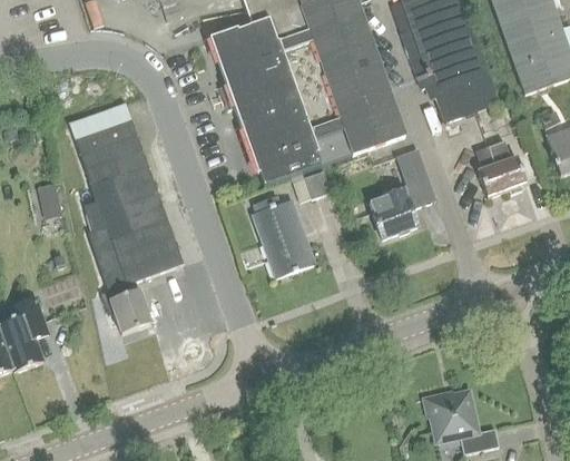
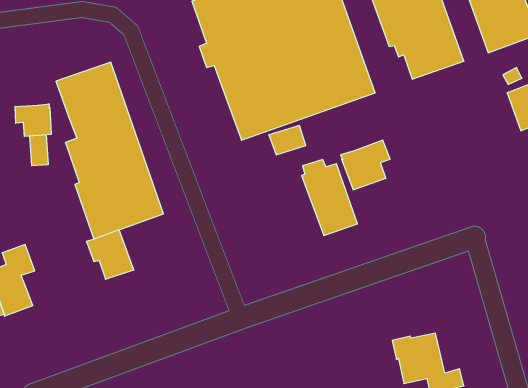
building: [475,140,525,196] -> none
building: none -> [15,104,51,136]
building: [394,148,426,187] -> none
building: [253,195,312,275] -> [302,160,357,235]

